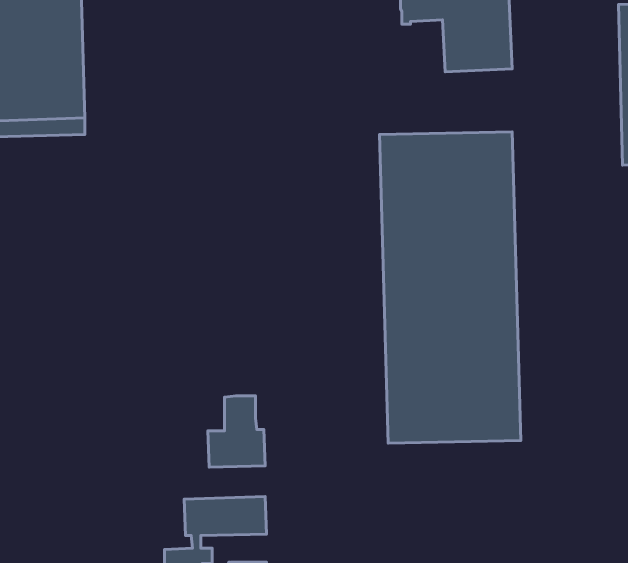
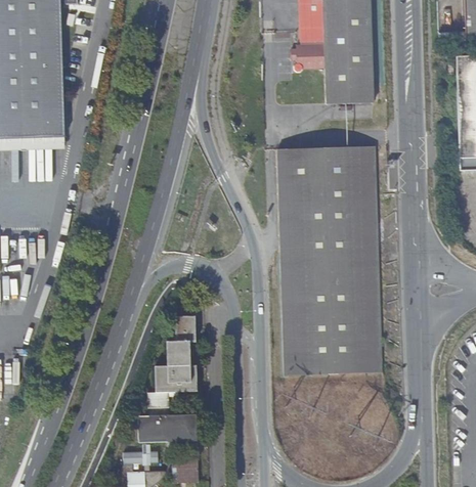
building: none -> [174,314,194,341]

